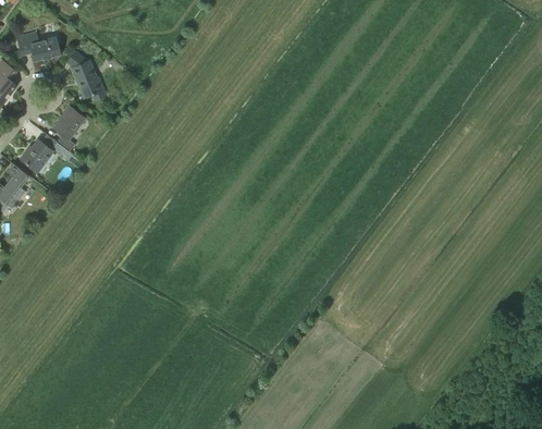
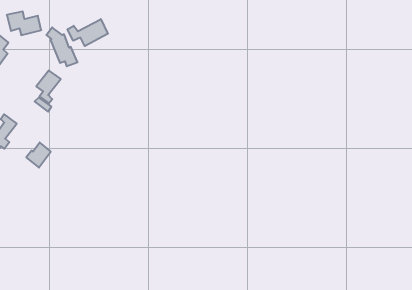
building: none -> [68,19,108,46]
building: [21,138,52,171] -> [26,142,51,168]

